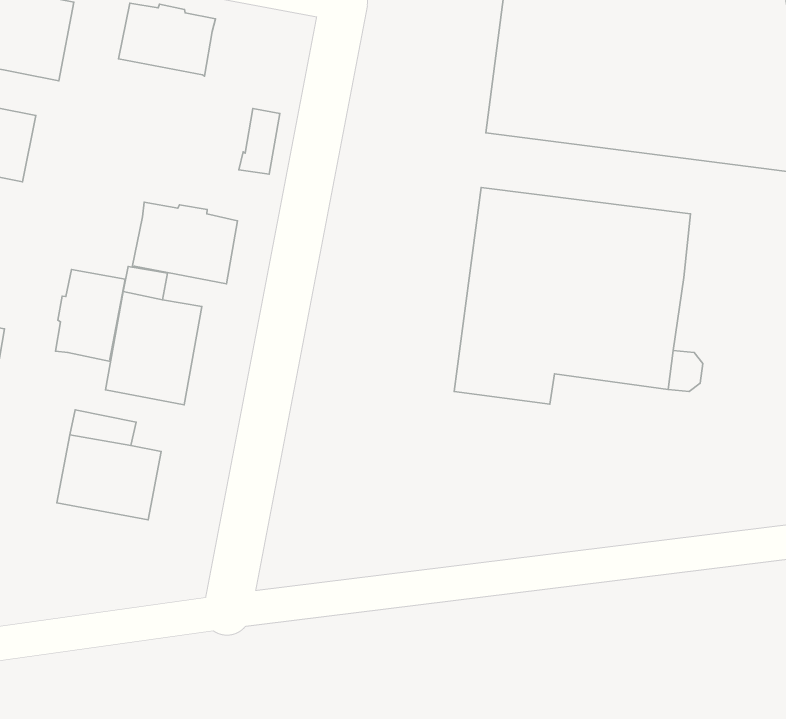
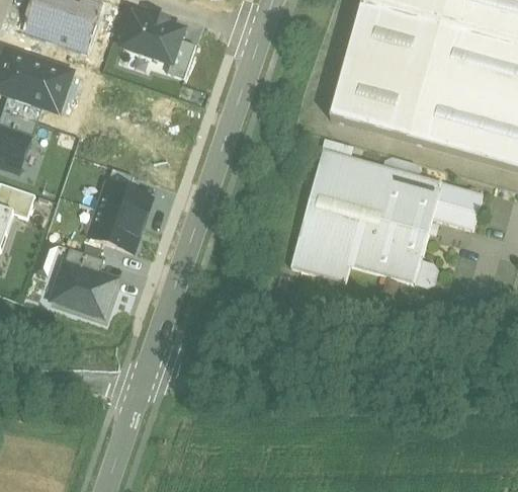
building: [239,109,280,174] -> [166,36,194,76]
building: [132,202,238,284] -> none
building: none -> [433,181,483,228]
building: [55,269,125,362] -> none

